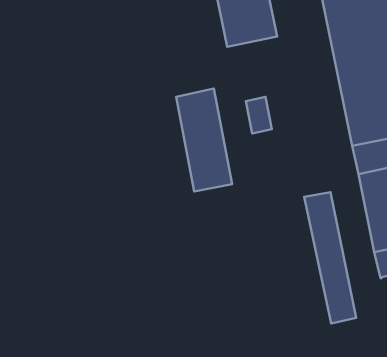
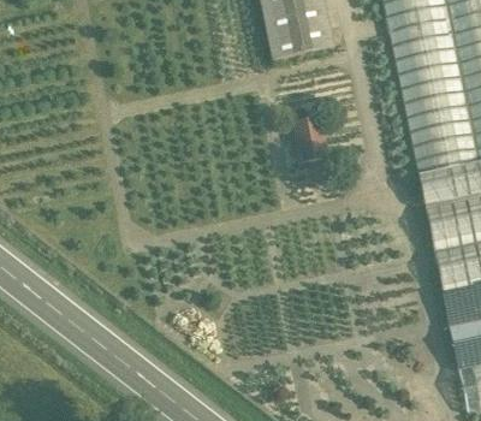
building: [176,88,232,191] -> none
building: [304,192,356,324] -> none

